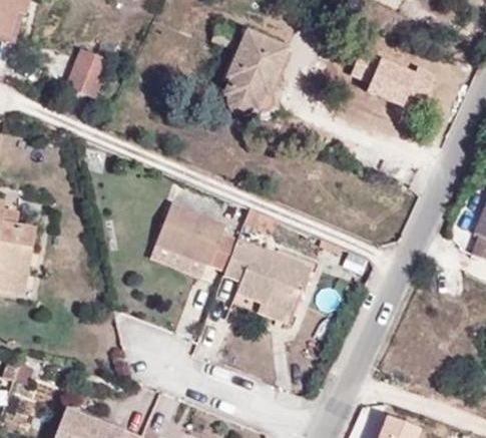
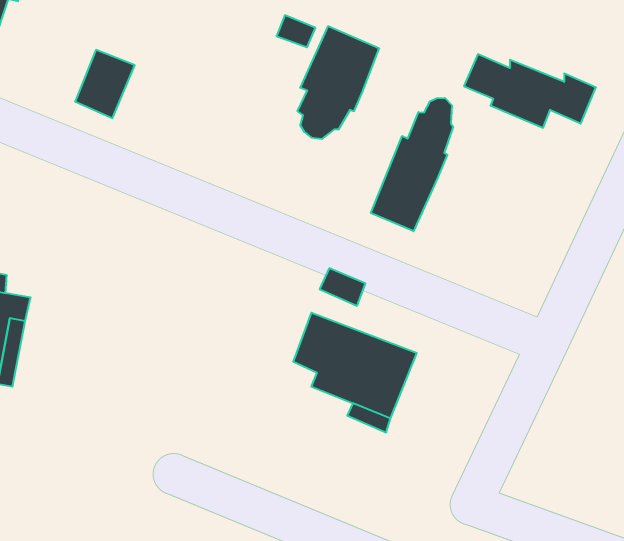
building: none -> [371,98,453,231]
building: [154,202,225,265] -> none

